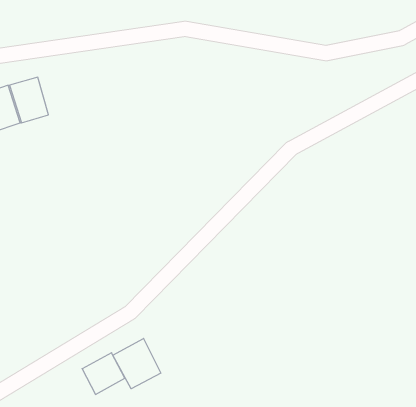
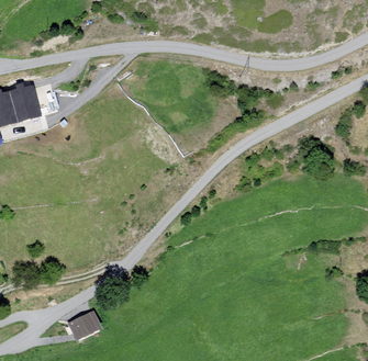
building: [113,338,161,389] -> none

